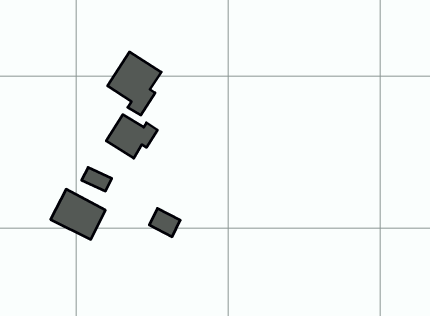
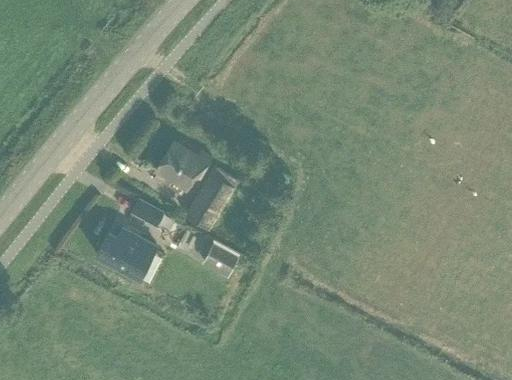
building: [108,52,161,115] -> none
building: none -> [184,175,234,231]

